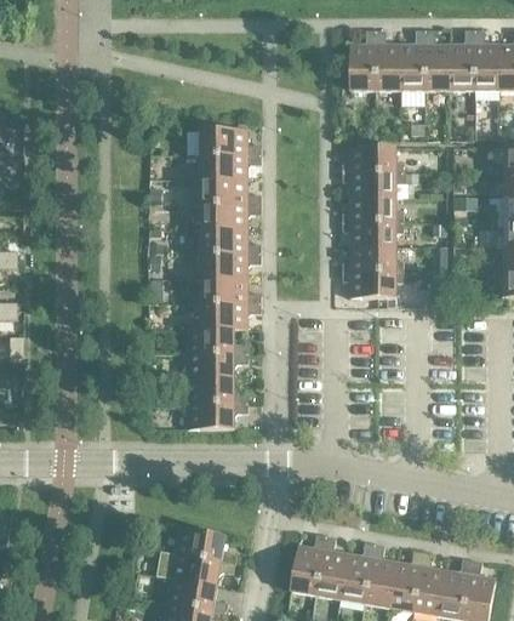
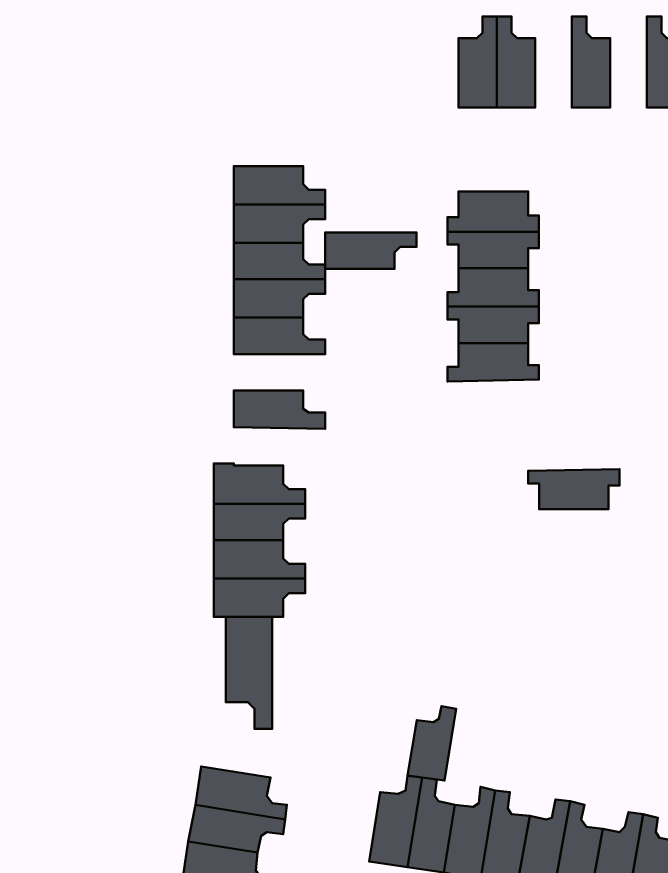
building: [400,29,424,90] -> none
building: [450,29,474,90] -> none
building: [200,253,261,278] -> [325,232,417,269]
building: [342,270,402,297] -> [528,469,620,509]
building: [200,302,261,329] -> none
building: none -> [226,617,272,729]
building: none -> [407,706,456,780]

